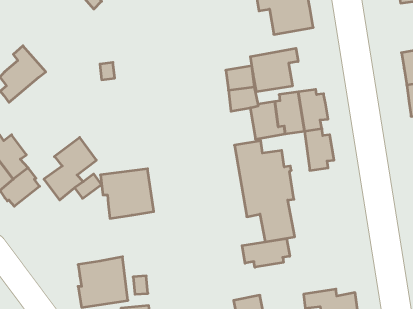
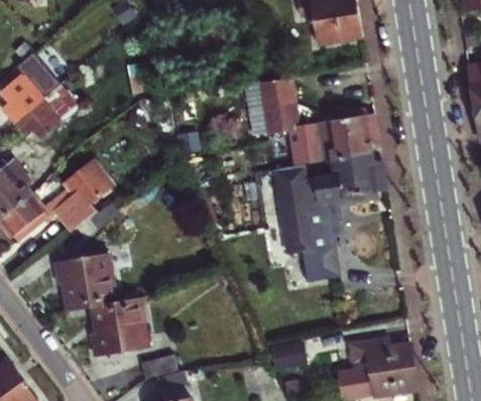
building: [250,48,298,92] -> none
building: none -> [12,92,62,138]
building: none -> [326,154,359,204]
building: [100,169,154,218] -> [55,255,117,312]
building: [242,239,290,267] -> none

